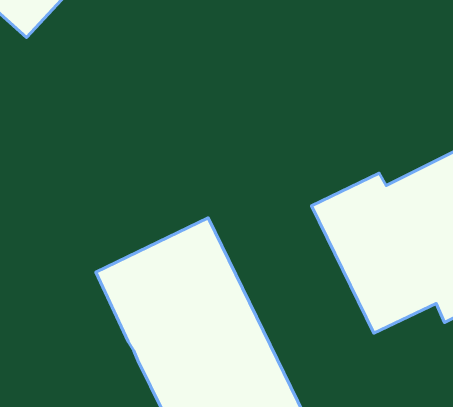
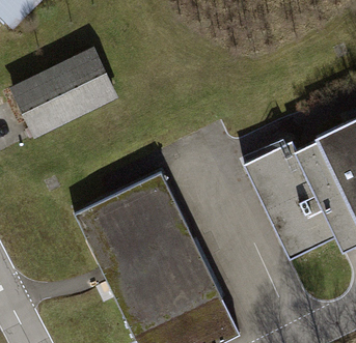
building: none -> [12,50,115,135]

